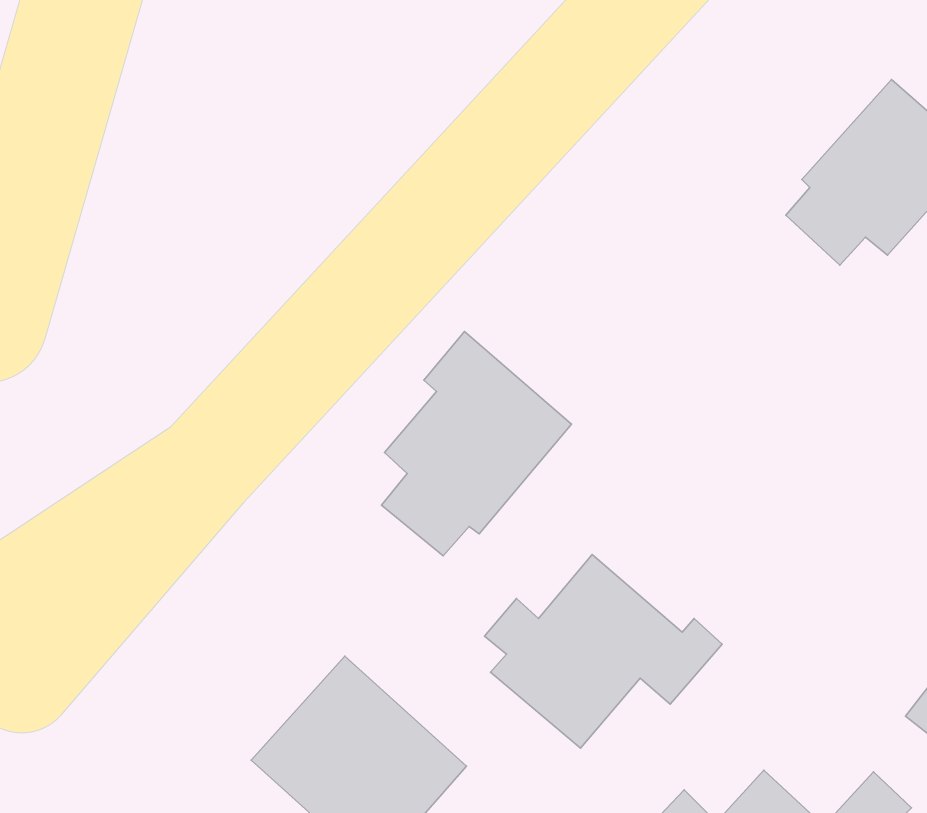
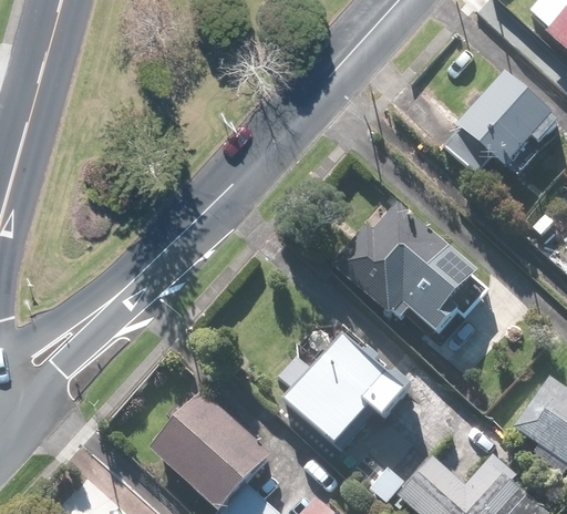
building: none -> [347,198,486,331]
building: [381,332,572,556] -> none

